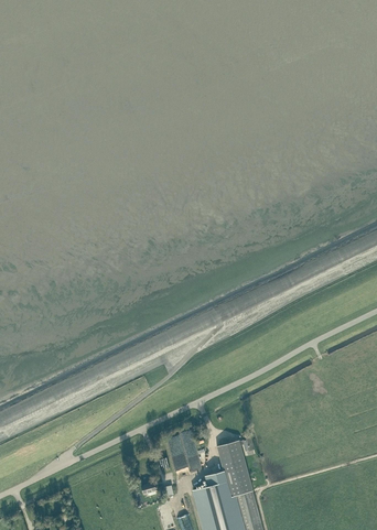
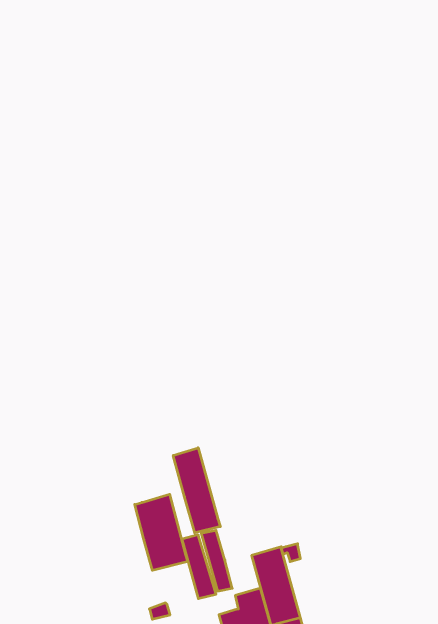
building: none -> [173,448,220,533]
building: none -> [135,494,188,570]

